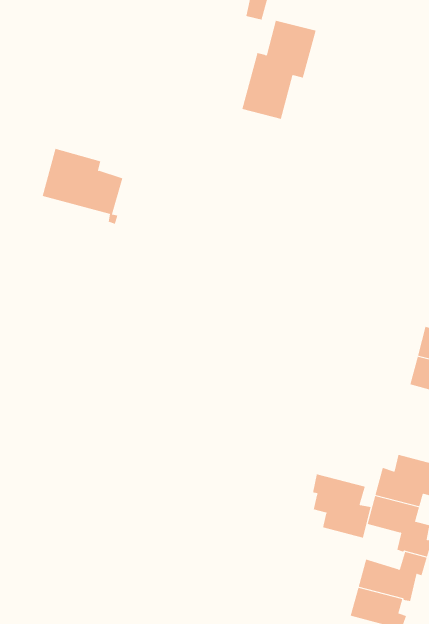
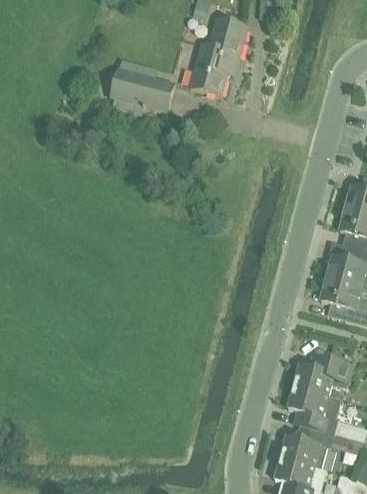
building: [42,148,123,225] -> [111,60,174,119]
building: [312,474,371,538] -> none

